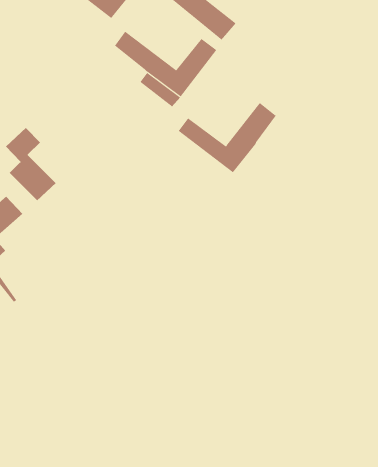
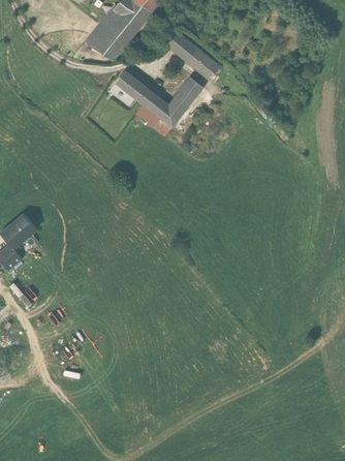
building: [178,102,276,173] -> none
building: [5,127,57,201] -> none

